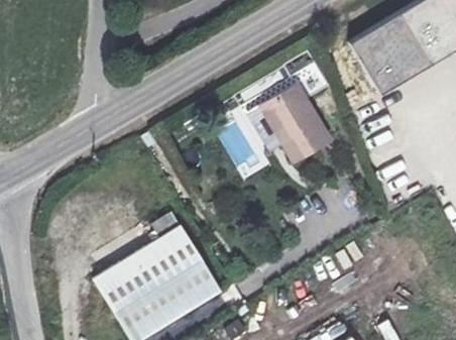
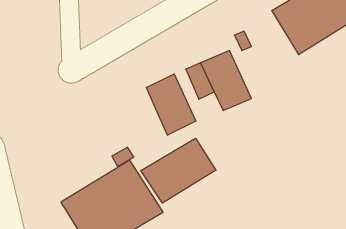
building: none -> [146,74,196,135]
building: none -> [141,138,216,203]

